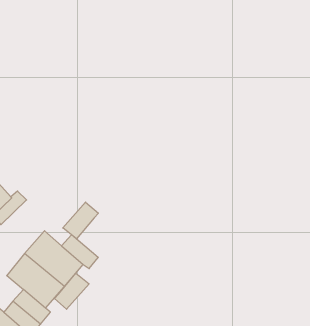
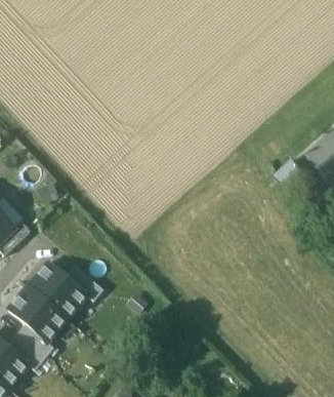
building: [63,202,98,239] -> none
building: [54,273,89,309] -> none

